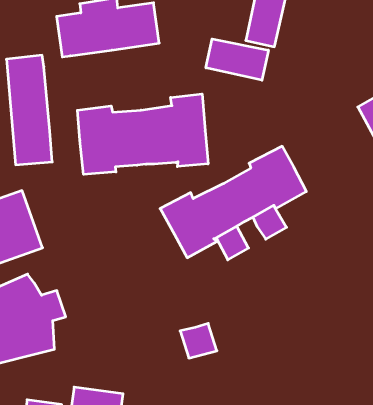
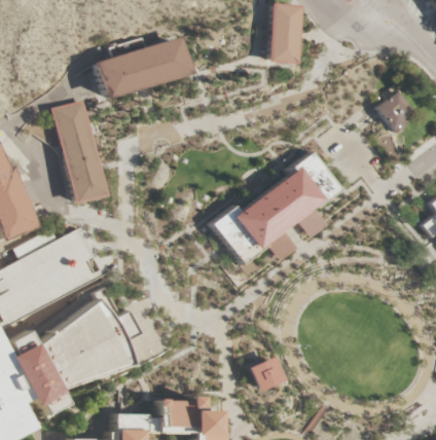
building: [206,39,268,80] -> none
building: [77,94,208,174] -> none
building: [180,323,217,358] -> [248,357,284,391]

